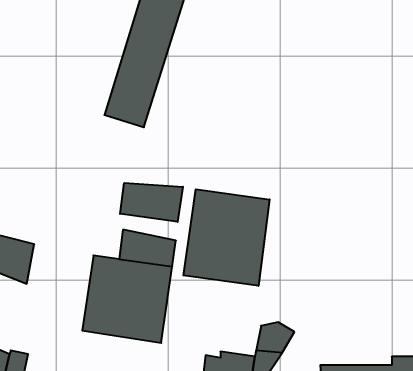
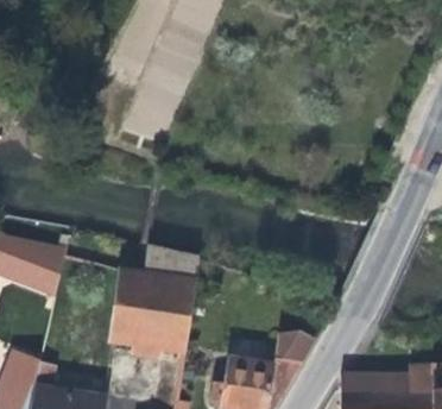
building: [120,183,183,222] -> none
building: [183,189,270,286] -> none

